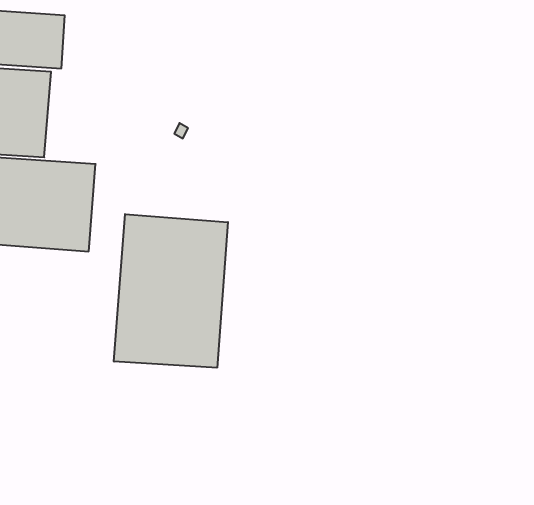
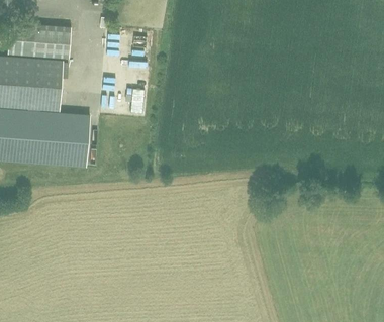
building: [114,214,228,368] -> none

